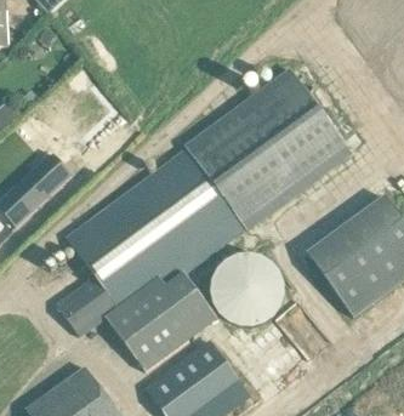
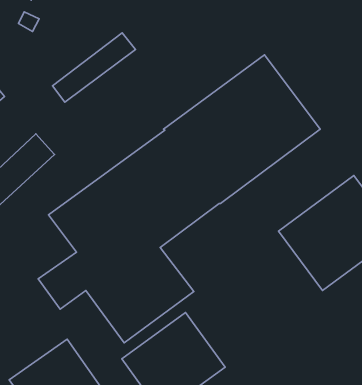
building: none -> [53,33,135,102]
building: [214,245,279,310] -> none

